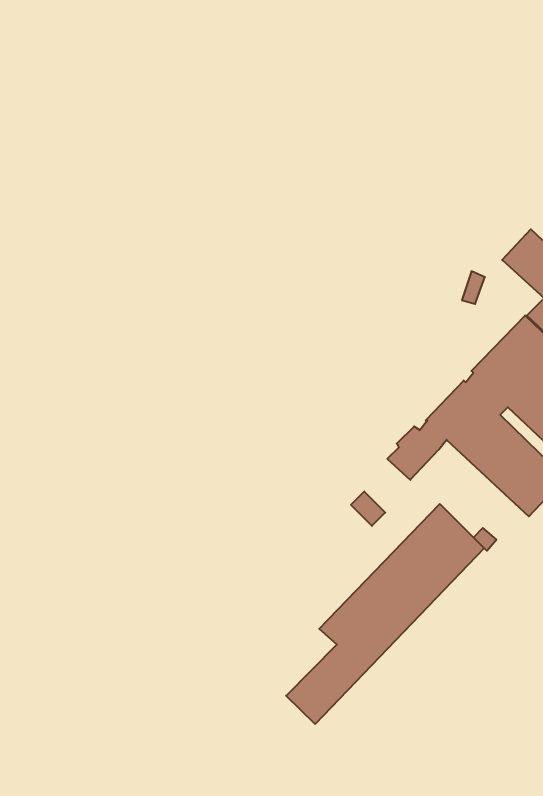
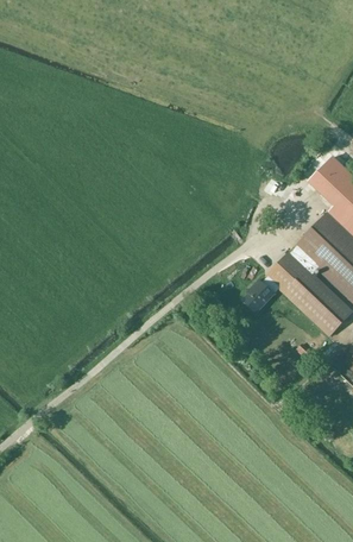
building: [286,504,484,724] -> none

